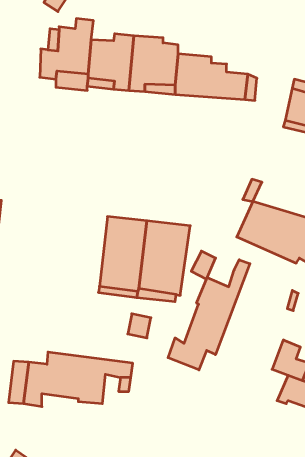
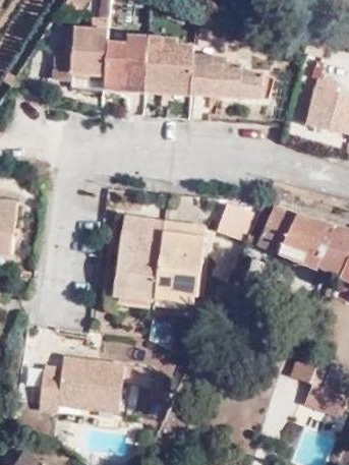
building: none -> [215,199,252,238]
building: [168,260,250,370] -> none

